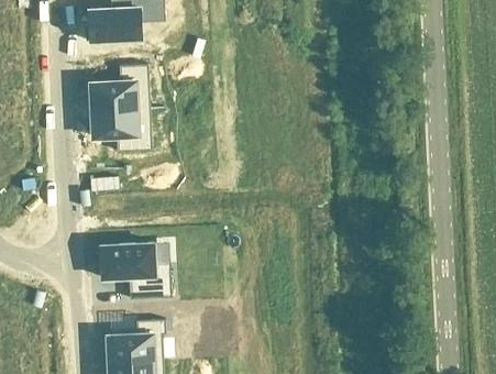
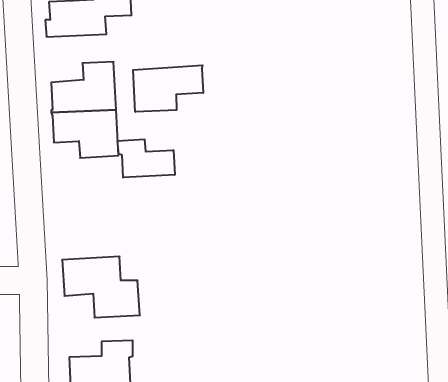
building: none -> [133,65,203,112]
building: none -> [118,139,175,178]

